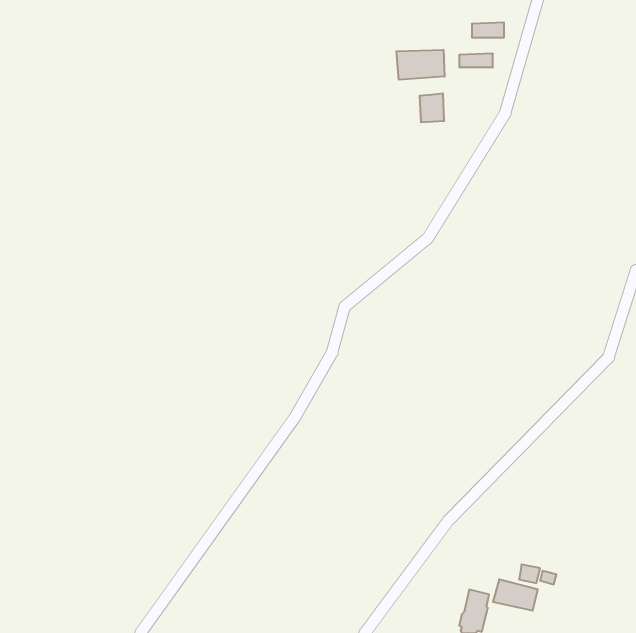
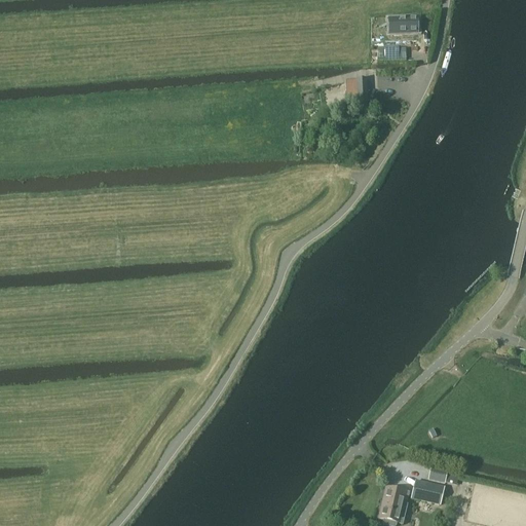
building: [396,50,445,80] -> none

